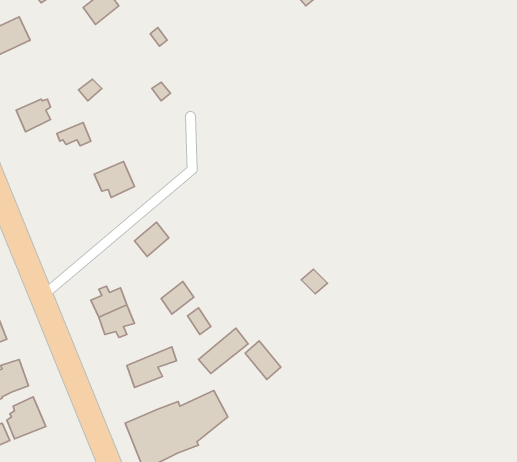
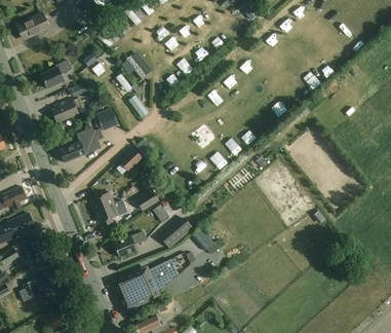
building: none -> [51,98,83,122]
building: none -> [58,126,103,162]

